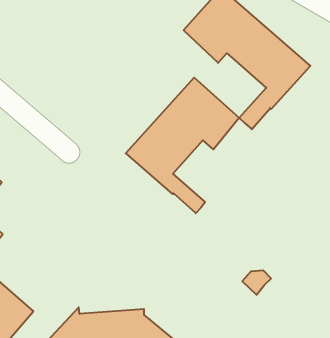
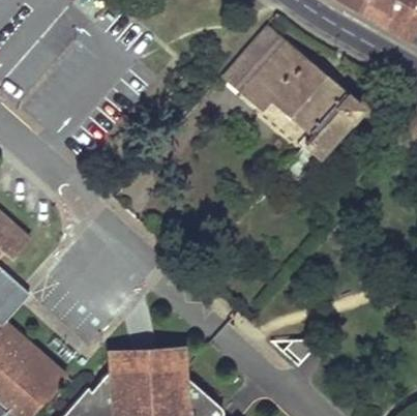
building: [126,78,239,213] -> none
building: none -> [111,348,182,378]

